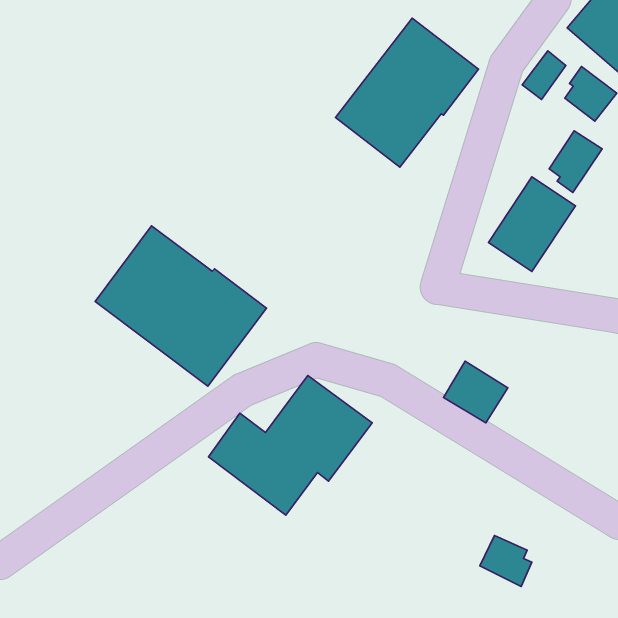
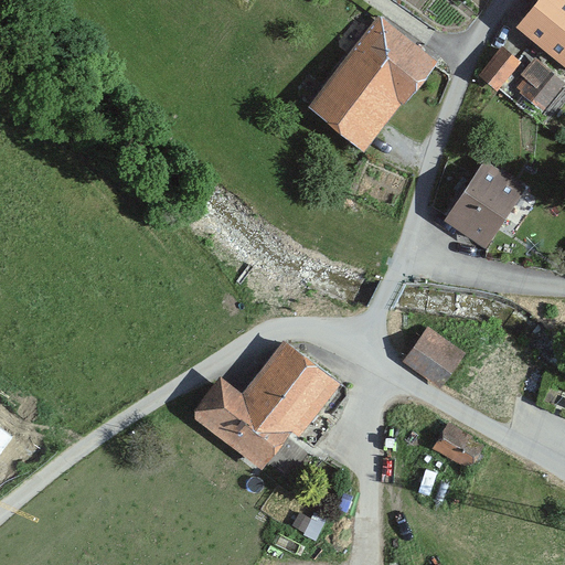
building: [549,131,602,193] -> none
building: [95,226,267,386] -> none
building: [480,536,532,586] -> [433,423,480,469]

